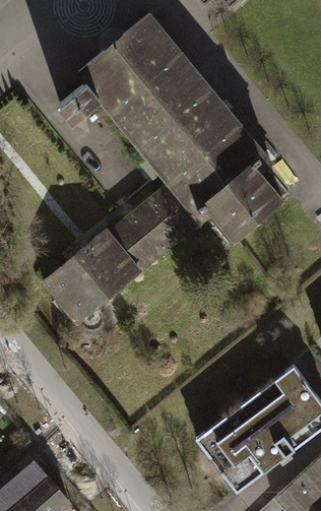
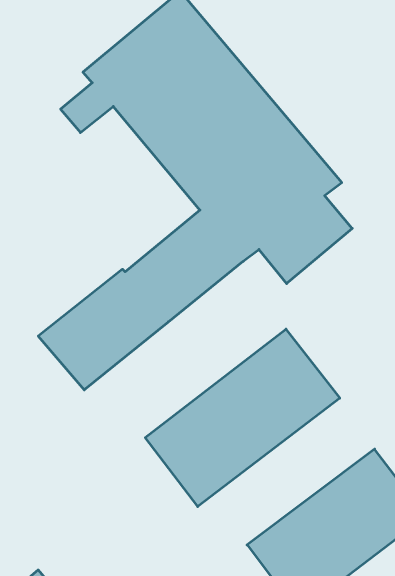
building: none -> [145,329,340,507]

